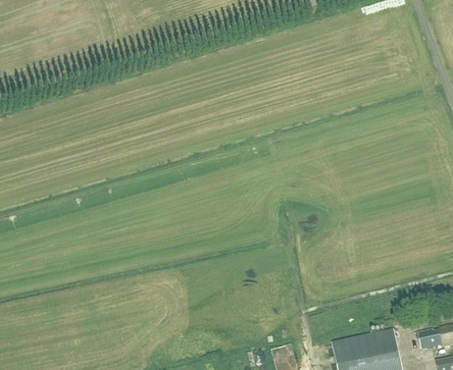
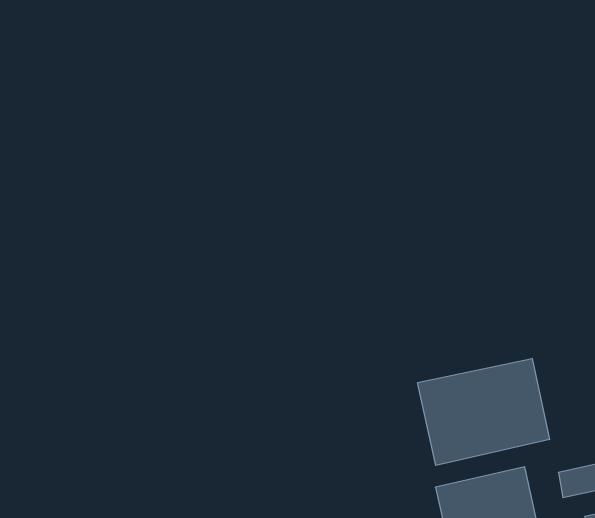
building: none -> [418,358,549,465]

